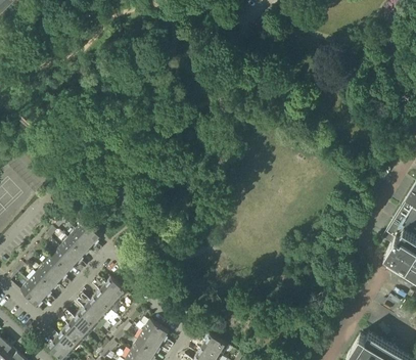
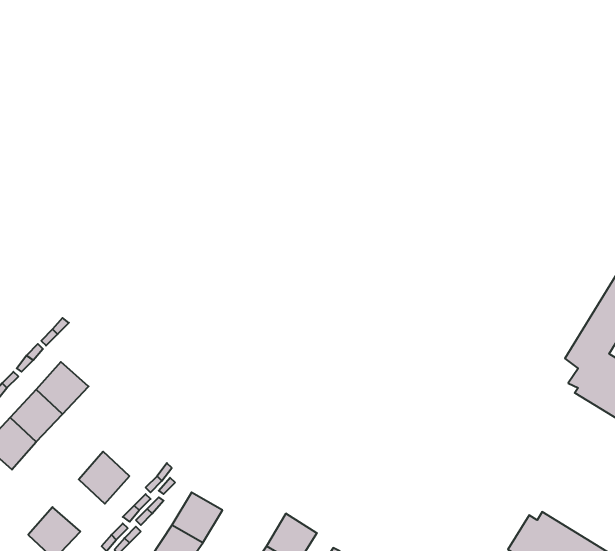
building: [67,222,100,255] -> none
building: [94,278,127,311] -> none
building: [62,313,95,346] -> none

